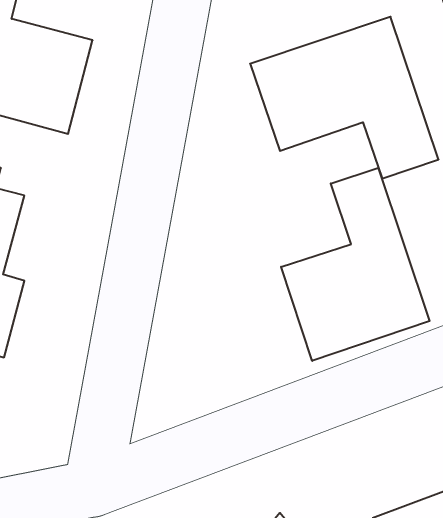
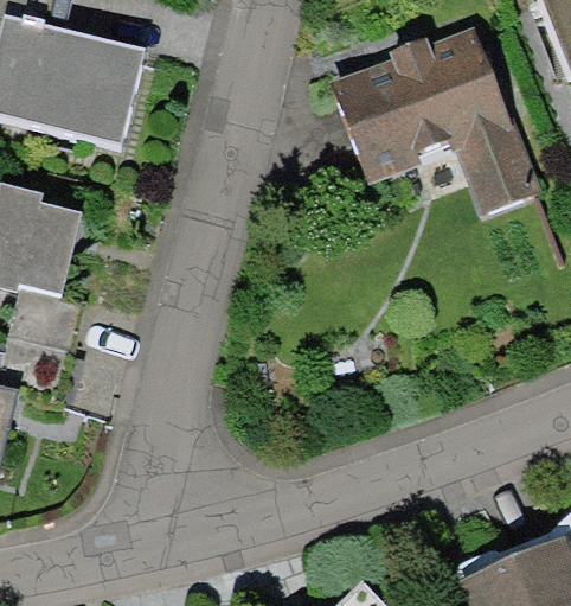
building: [281,168,430,361] -> none

